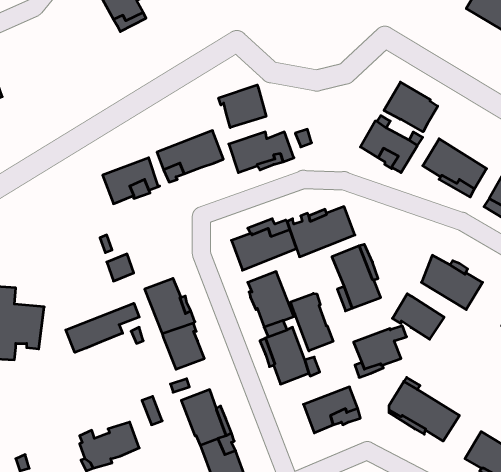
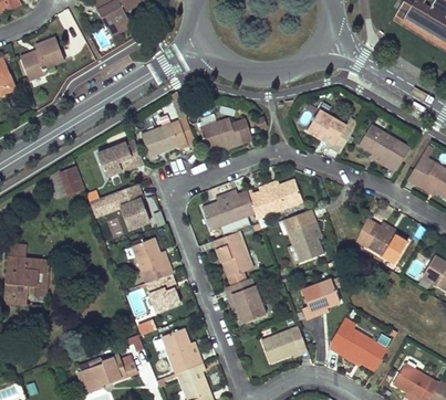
building: none -> [20,38,64,80]
building: [384,82,438,132] -> none
building: [219,85,266,128] -> none
building: none -> [59,166,84,196]
building: none -> [115,185,148,230]
building: [291,293,333,351] -> none
building: [392,294,444,339] -> none
building: [66,303,139,352] -> none

